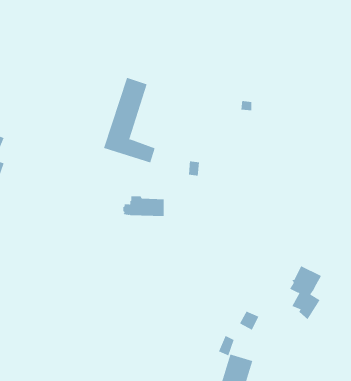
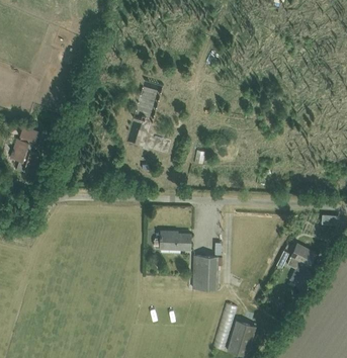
building: [123,196,164,217] -> [154,232,190,250]
building: none -> [192,256,219,288]

